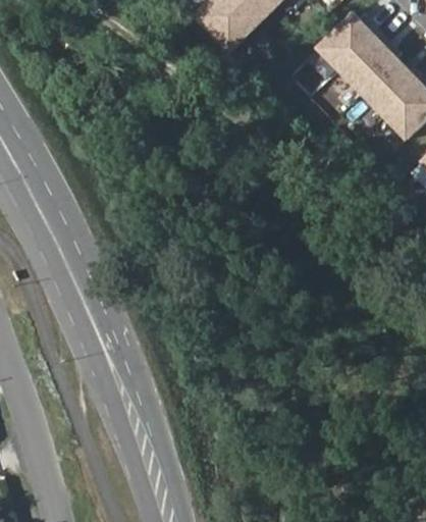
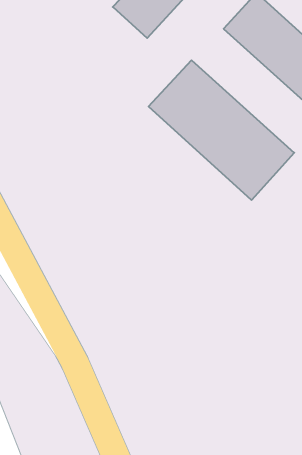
building: none -> [149,60,294,200]

